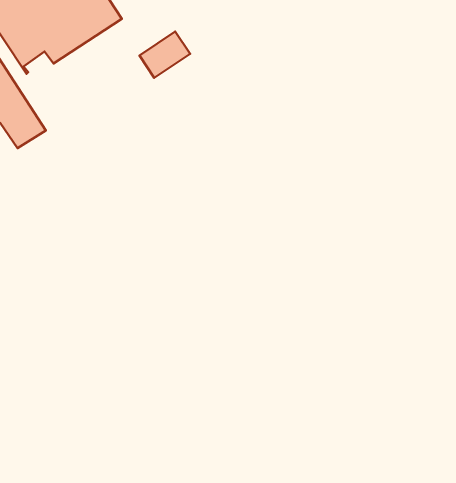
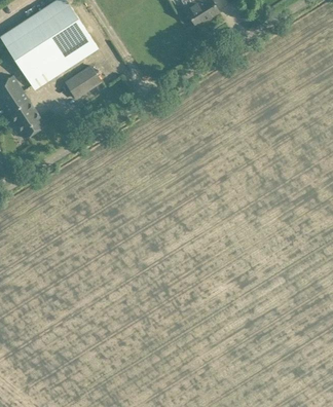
building: [139,32,190,78] -> [66,67,101,99]

